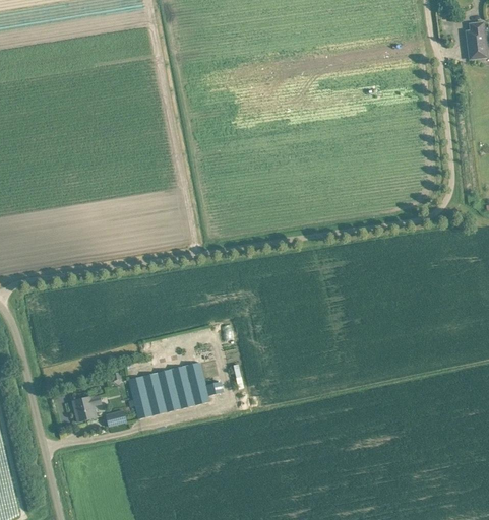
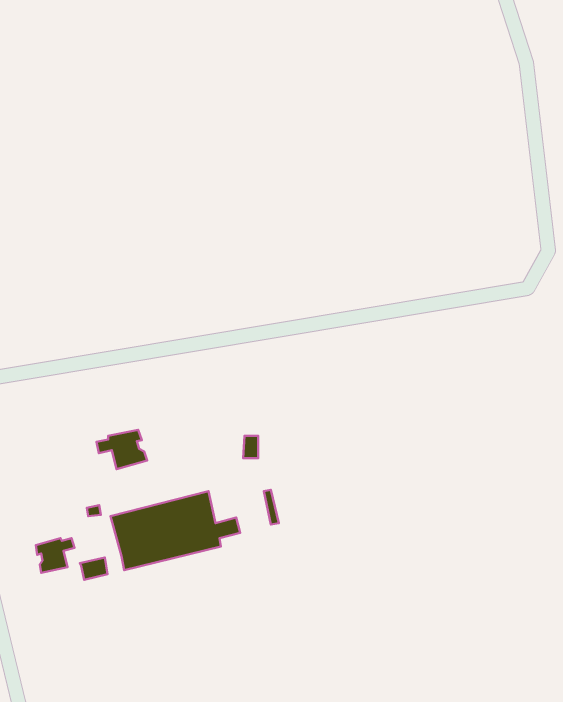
building: none -> [97,430,147,469]

